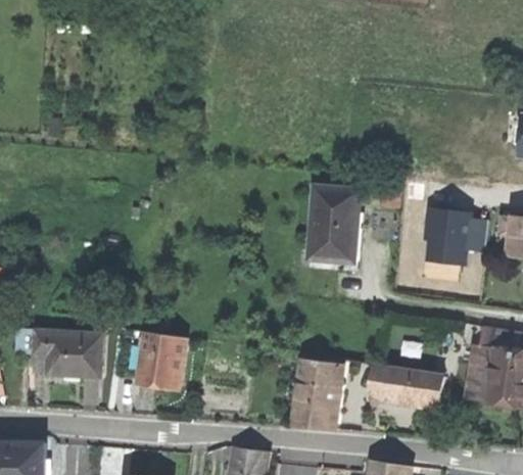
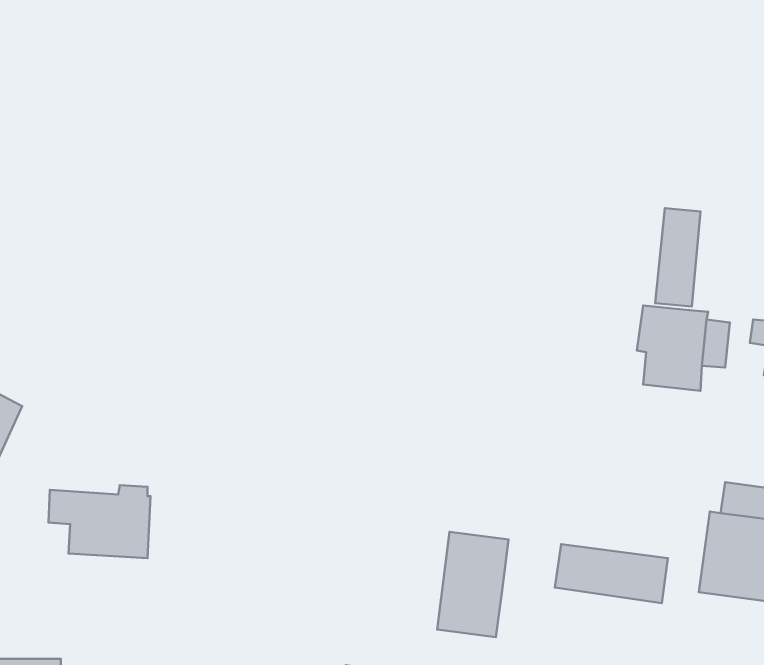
building: none -> [655,208,701,307]
building: [311,187,360,262] -> none
building: [138,331,185,384] -> none

